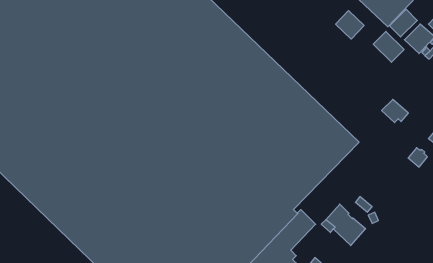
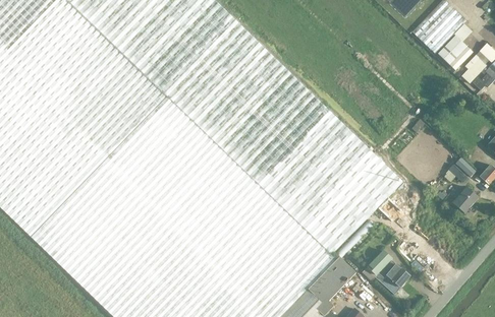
building: [336,11,364,39] -> none
building: [373,31,404,62] -> none
building: [382,99,408,123] -> [449,156,479,182]

